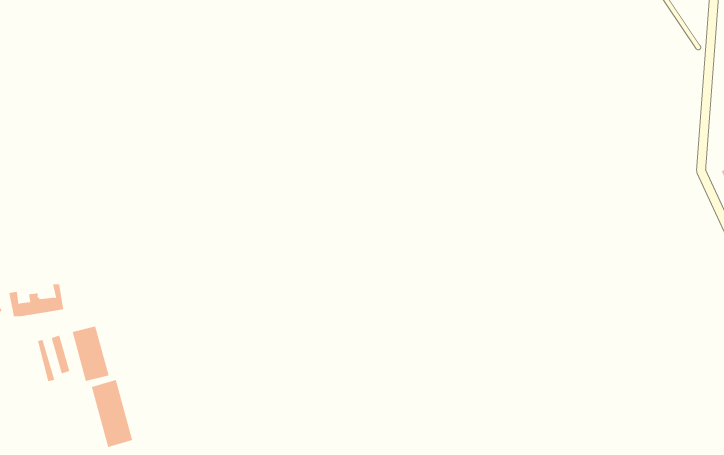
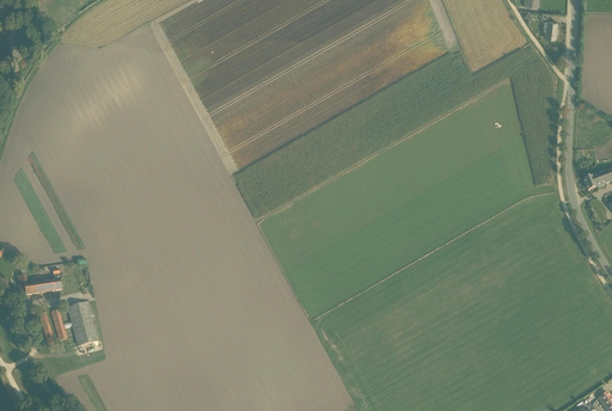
building: [91,379,133,448] -> none

